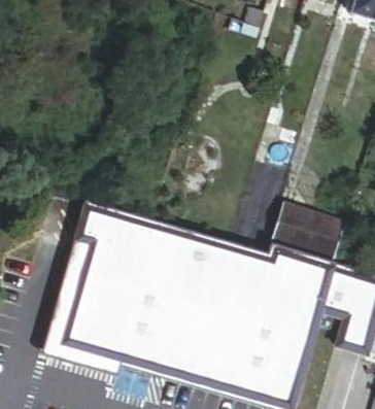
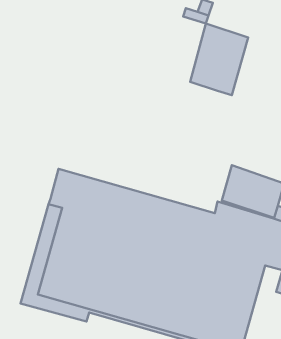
building: none -> [190,24,248,95]

